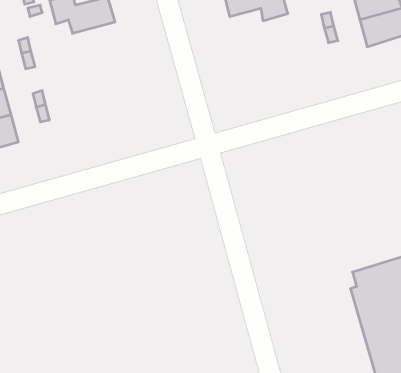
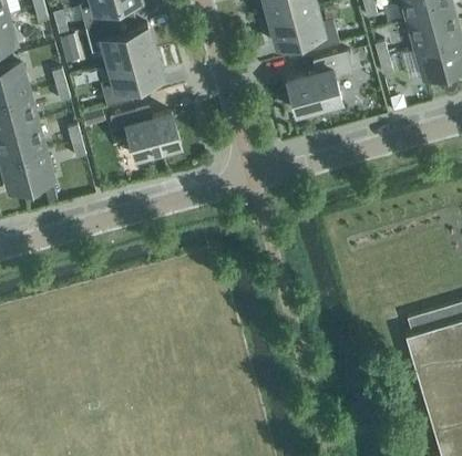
building: none -> [288,53,356,115]
building: none -> [102,54,163,108]
building: none -> [111,111,183,159]

